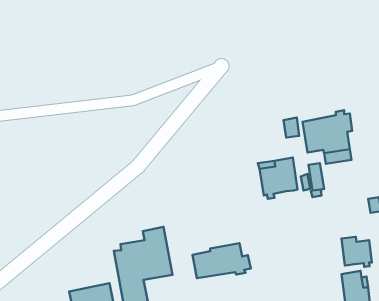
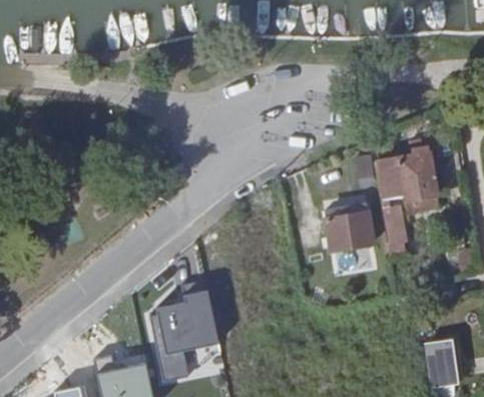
building: [341,237,372,267] -> none
building: [192,243,251,278] -> none

